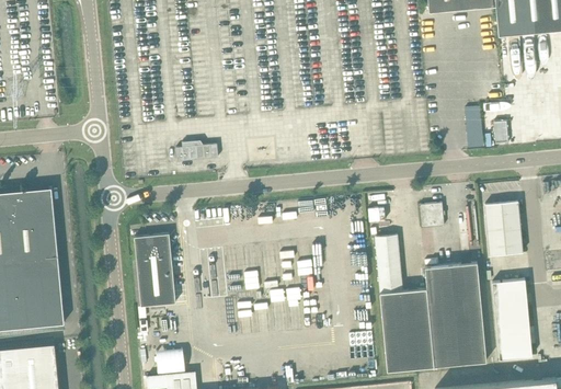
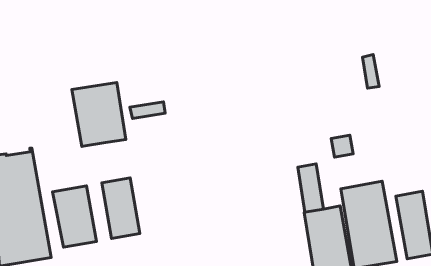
building: none -> [72,82,126,146]
building: [484,204,523,258] -> none
building: none -> [52,186,96,247]

